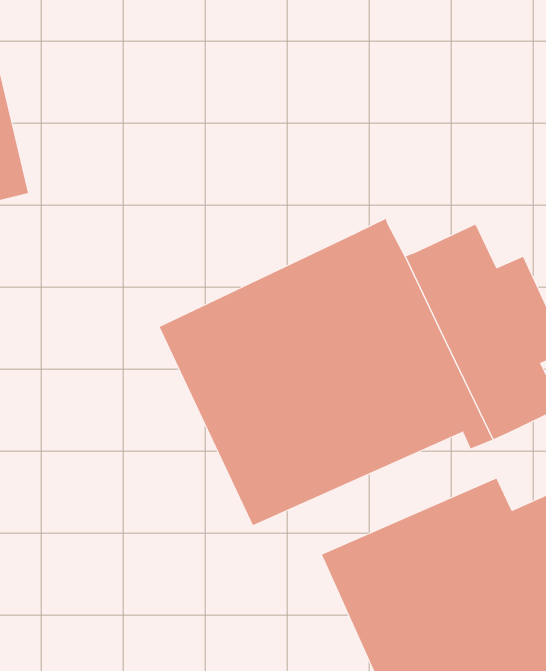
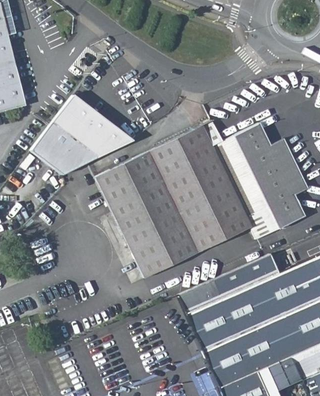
building: none -> [30,94,133,175]

